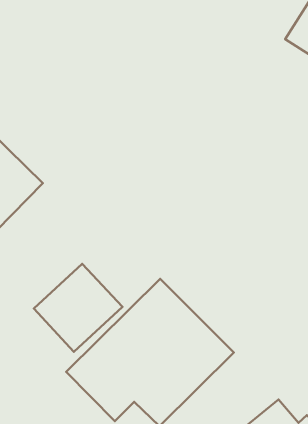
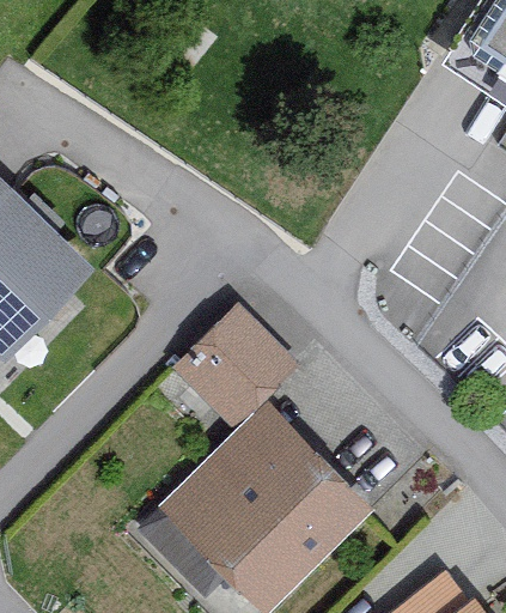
building: [34,264,123,352] -> [169,306,295,432]

